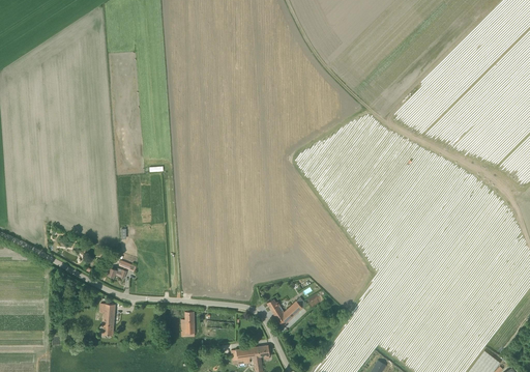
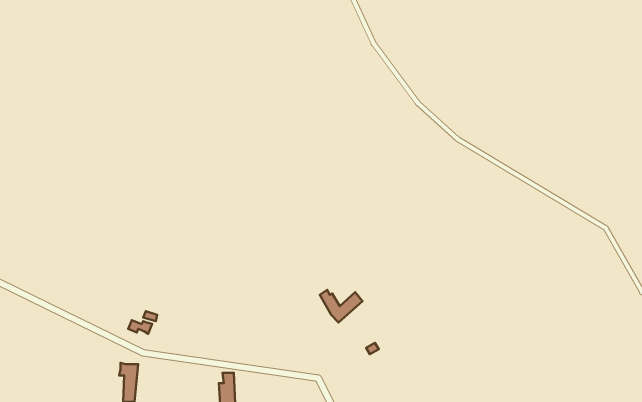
building: [267,298,302,325] -> [320,290,363,323]

